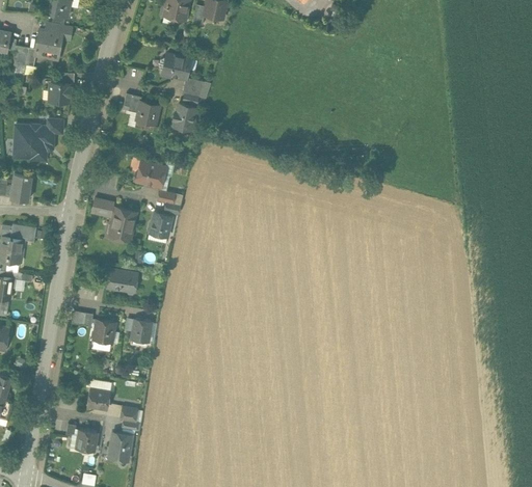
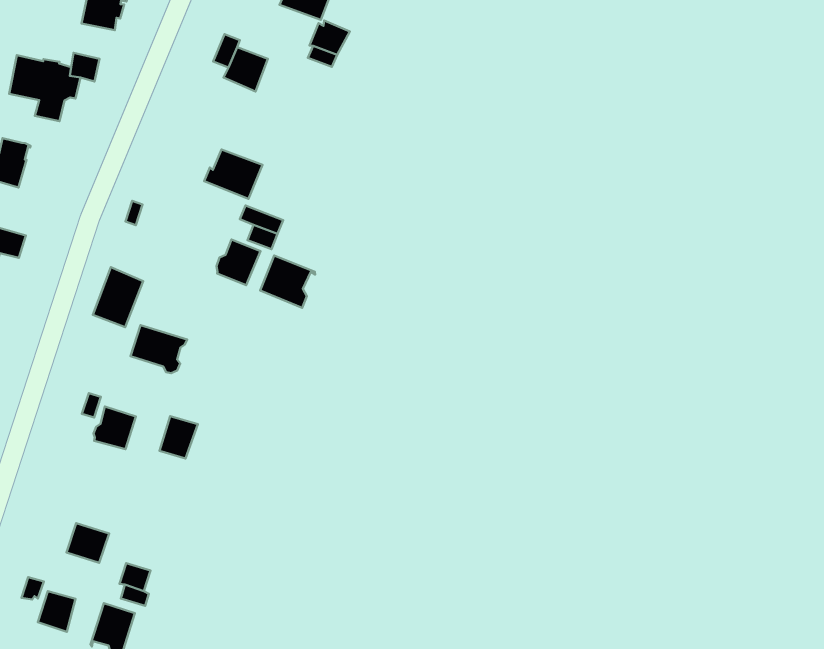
building: [172,104,195,131] -> none
building: [109,208,135,241] -> [93,267,143,327]
building: none -> [260,256,315,308]

